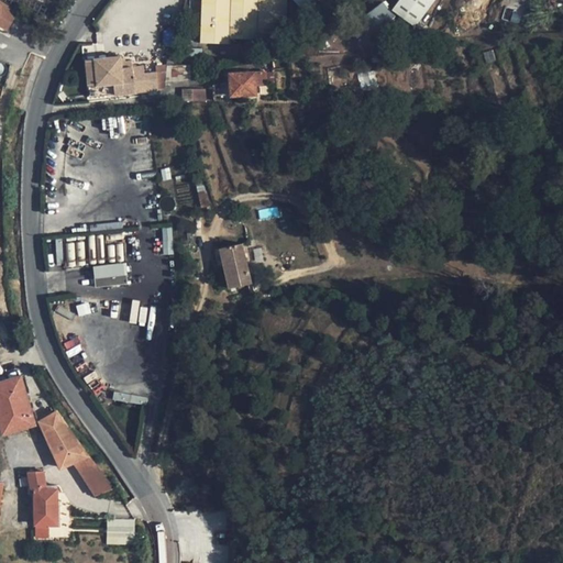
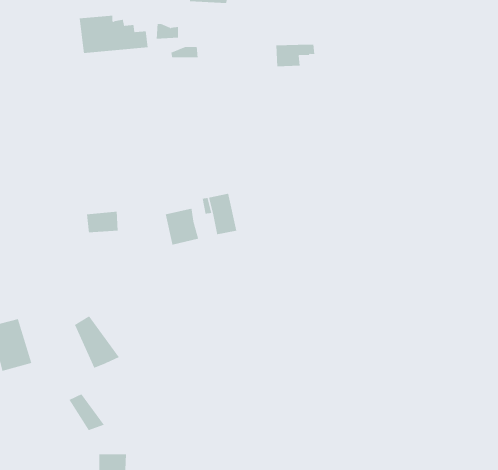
building: [230,71,272,96] -> [275,44,315,67]
building: none -> [165,208,199,246]
building: [38,411,87,467] -> [74,315,120,369]
building: [26,471,56,523] -> none

